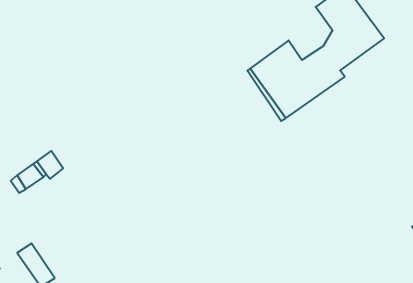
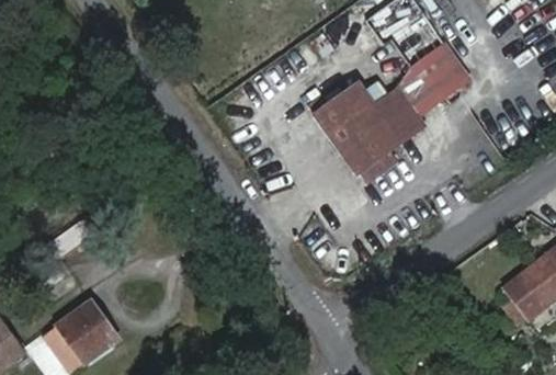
building: none -> [58,298,117,362]

